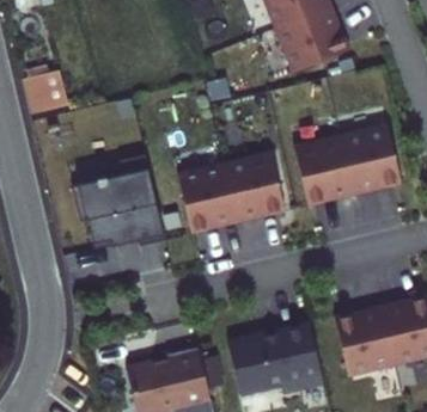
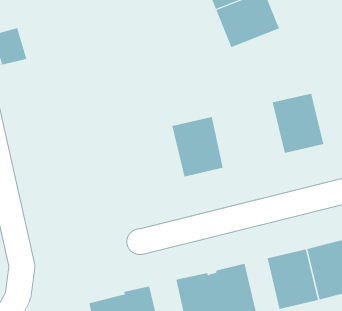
building: [294,136,355,207] -> none
building: [72,156,165,251] -> none
building: [177,164,238,235] -> none

